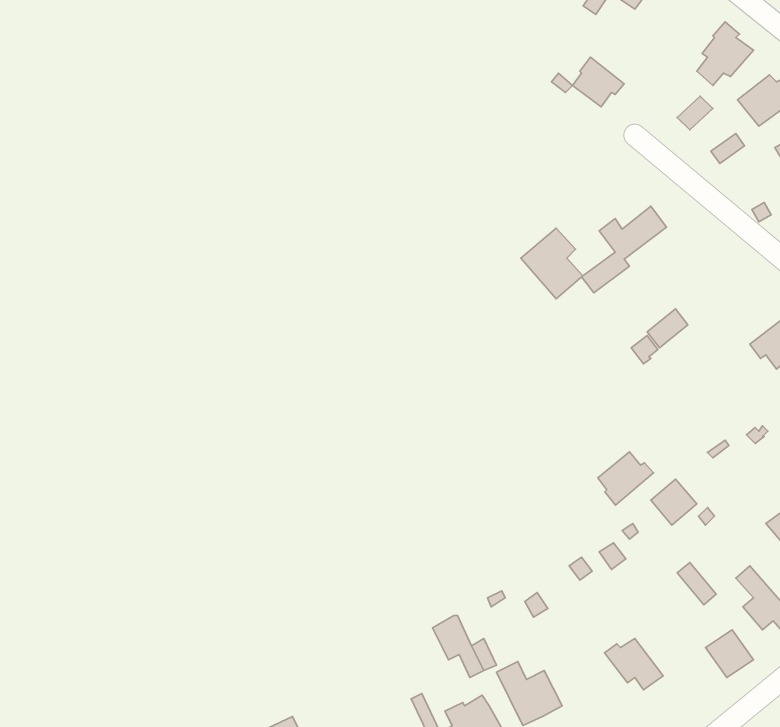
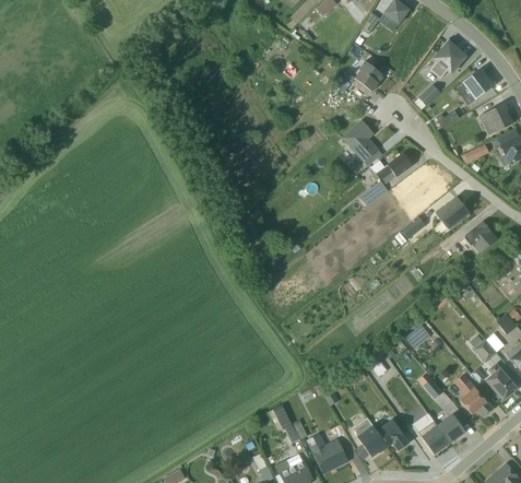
building: [521,228,583,299] -> [341,119,379,163]
building: none -> [437,197,470,228]
building: [598,452,654,505] -> none
building: none -> [413,412,450,453]
building: none -> [353,419,389,459]

